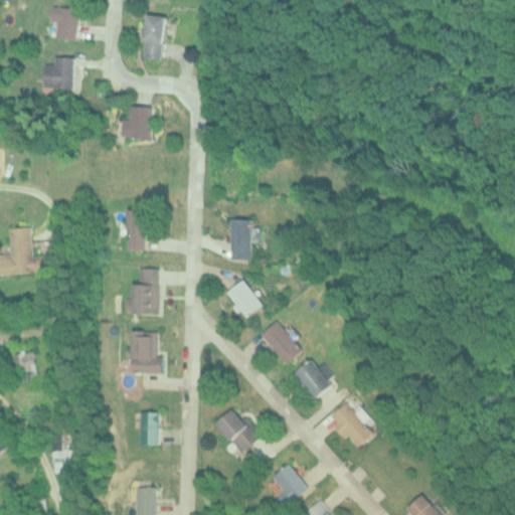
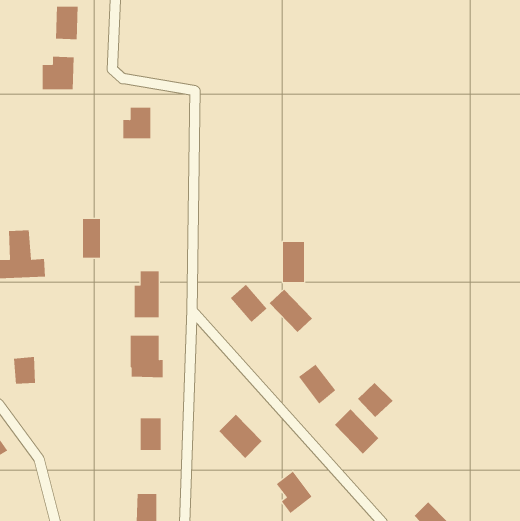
building: [142,14,166,59] -> none
building: [126,209,144,248] -> [82,218,101,258]
building: [228,218,250,259] -> [282,242,305,282]
building: [260,322,303,365] -> [269,289,313,333]
building: none -> [357,382,394,418]

